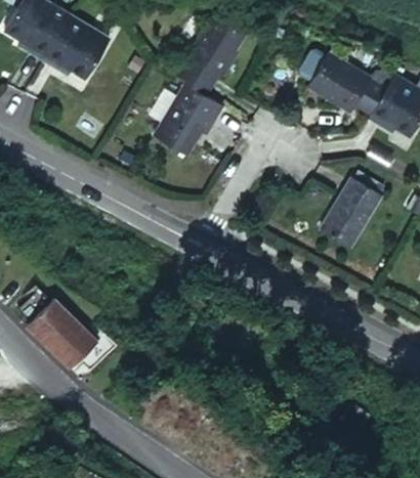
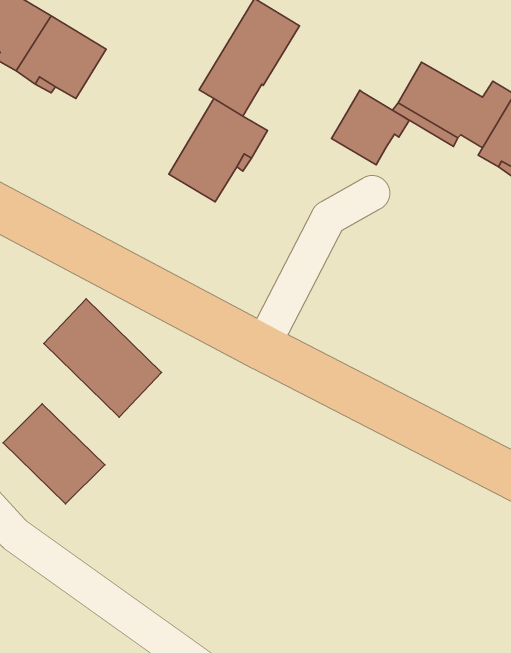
building: none -> [332,90,409,165]
building: [322,180,382,250] -> none
building: none -> [44,299,162,417]

